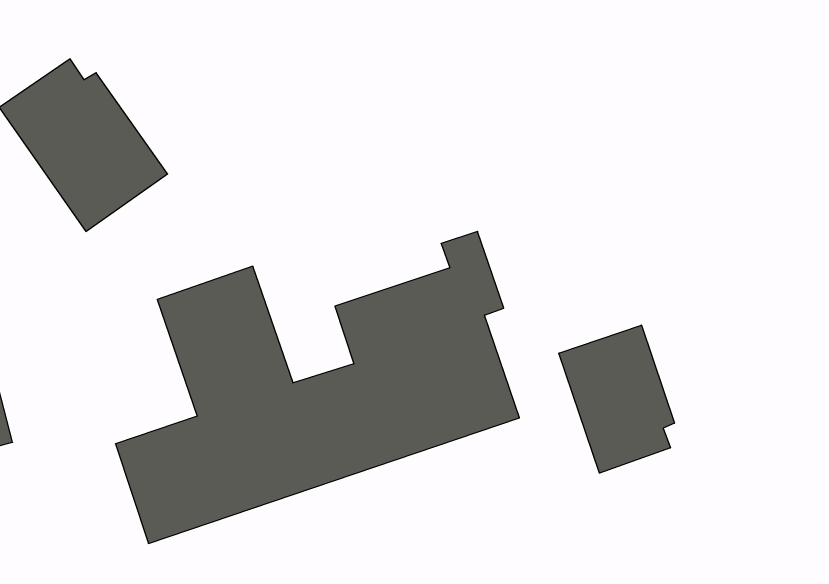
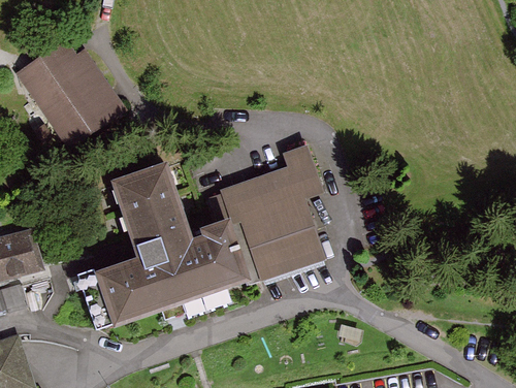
building: [559,325,674,473] -> none

